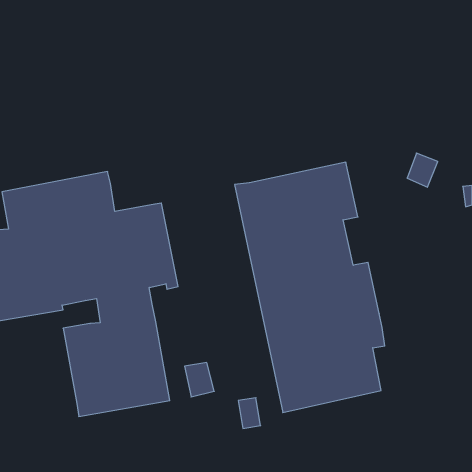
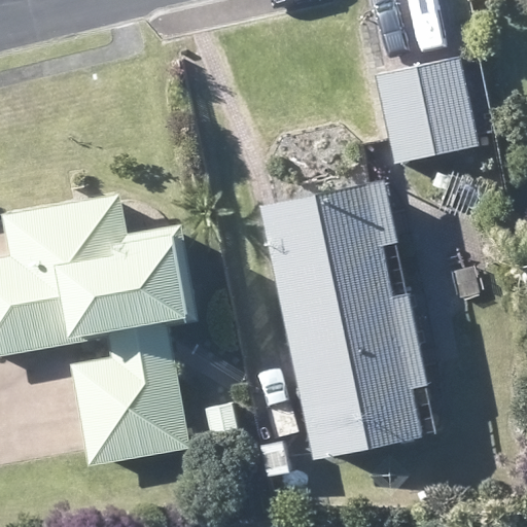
building: none -> [376,59,477,163]

